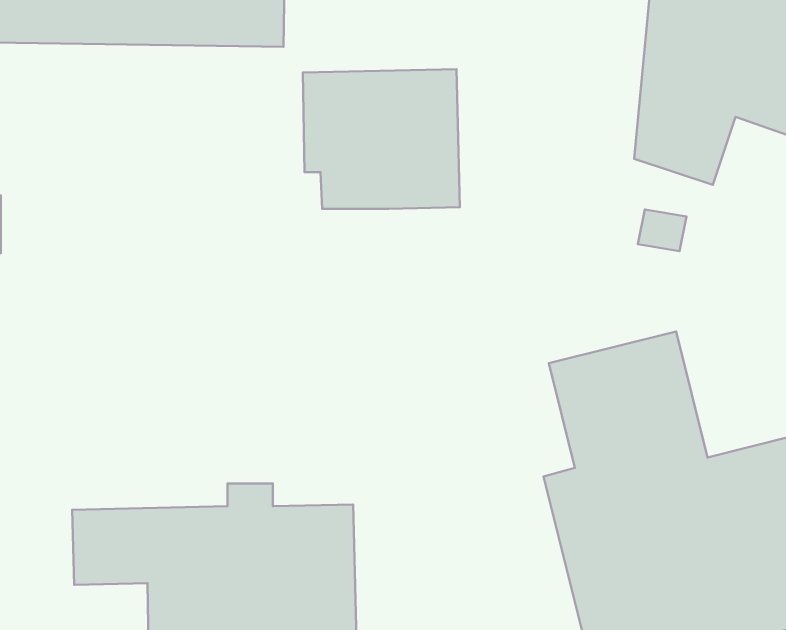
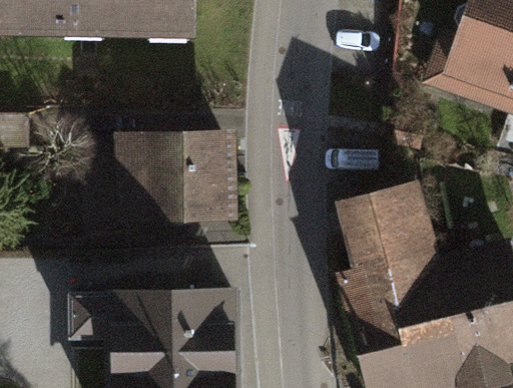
building: [303,69,460,209] -> [138,141,228,222]

